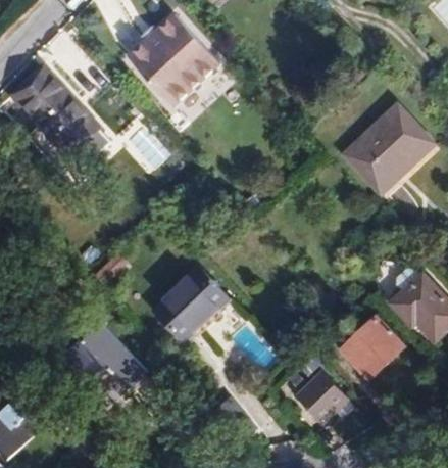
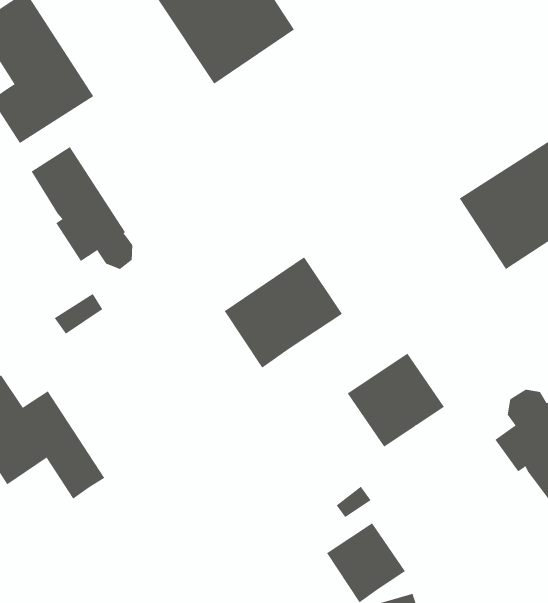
building: none -> [31,146,133,270]
building: [153,266,230,342] -> [224,256,343,369]
building: [341,316,405,379] -> [347,353,445,447]

